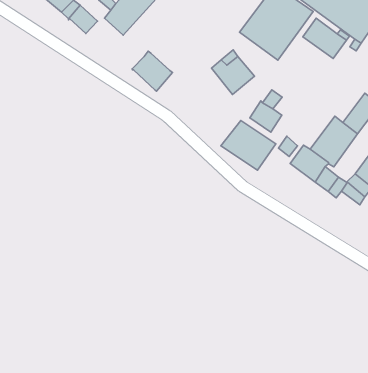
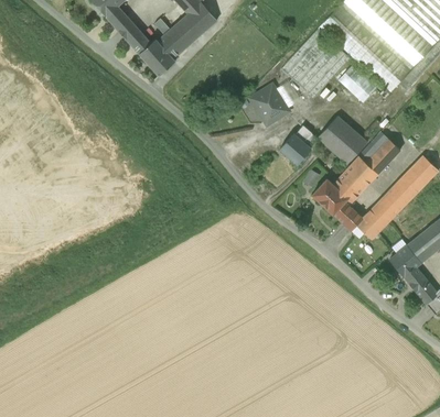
building: [132,51,172,91] -> [139,40,175,77]
building: [221,120,276,170] -> [316,117,367,164]

